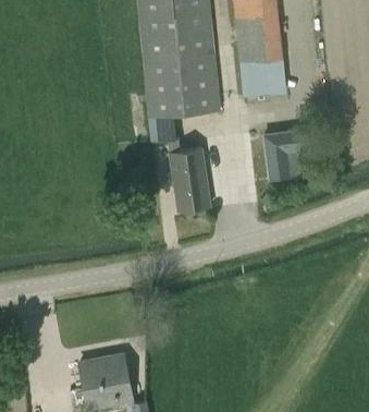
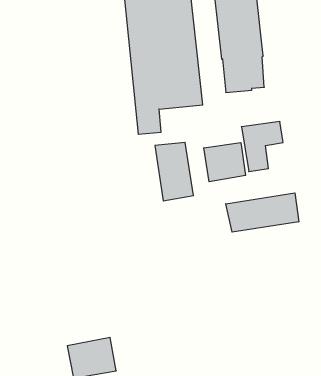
building: none -> [204,143,246,182]
building: none -> [226,193,299,232]

